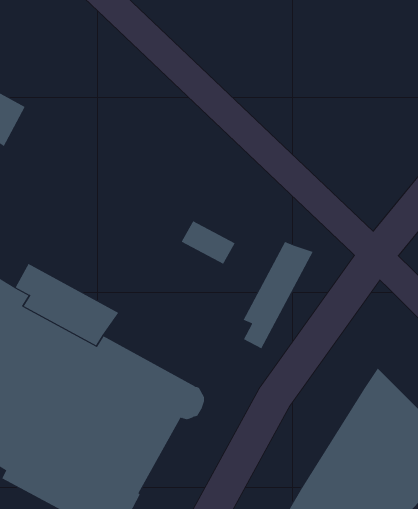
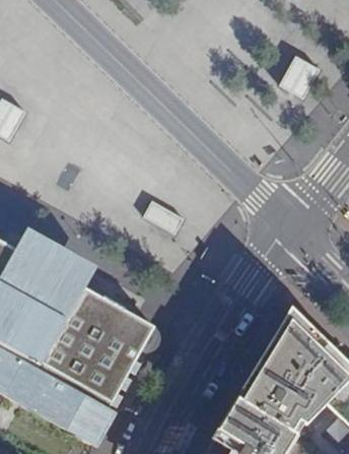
building: none -> [276,52,317,95]
building: [243,241,313,349] -> none

